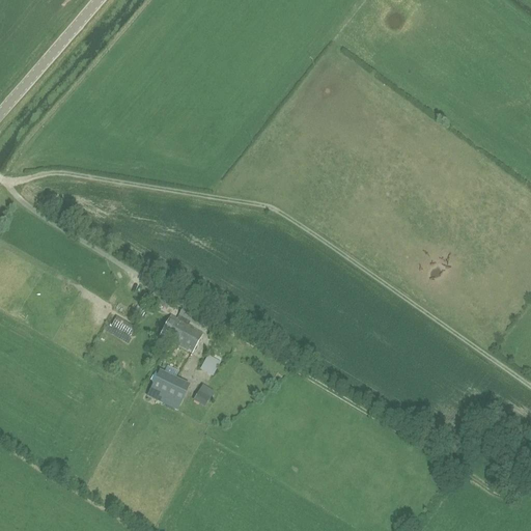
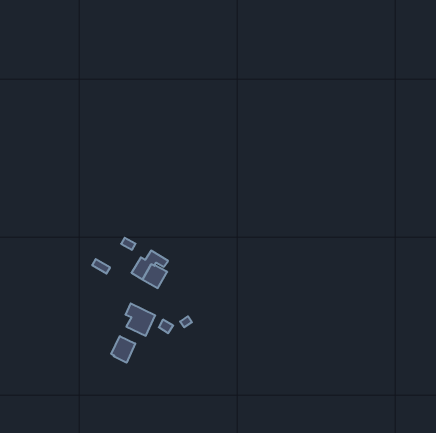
building: none -> [111,336,135,363]

